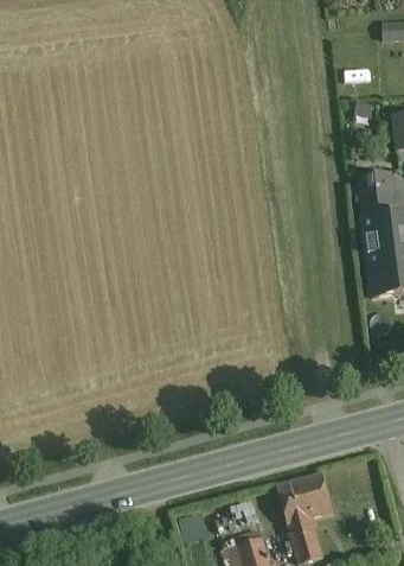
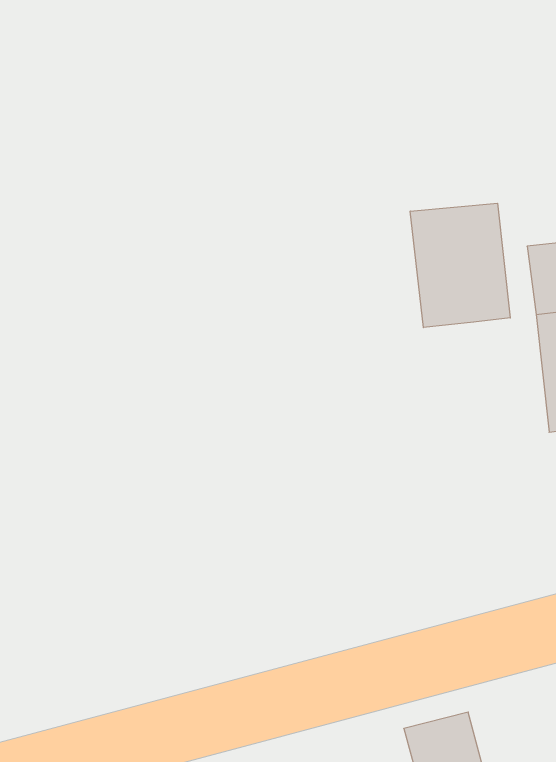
building: none -> [410,203,510,328]

